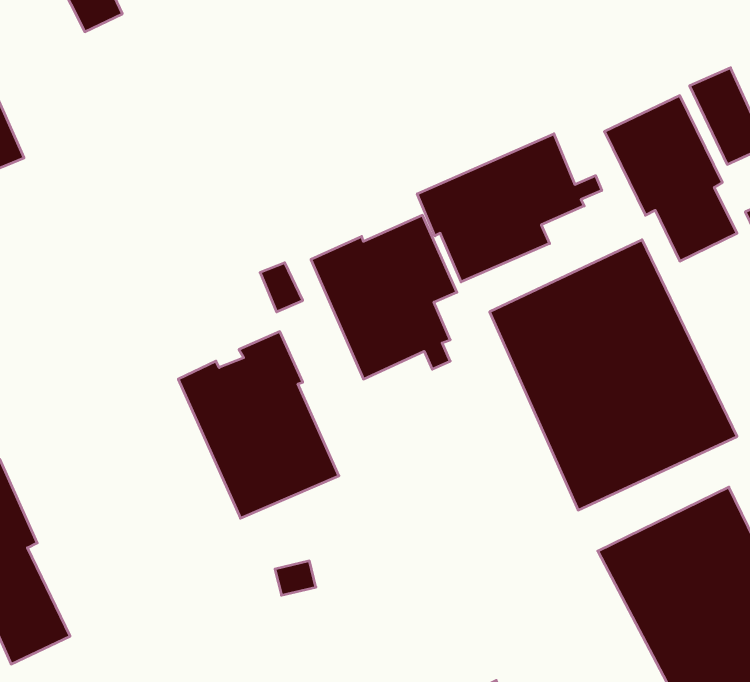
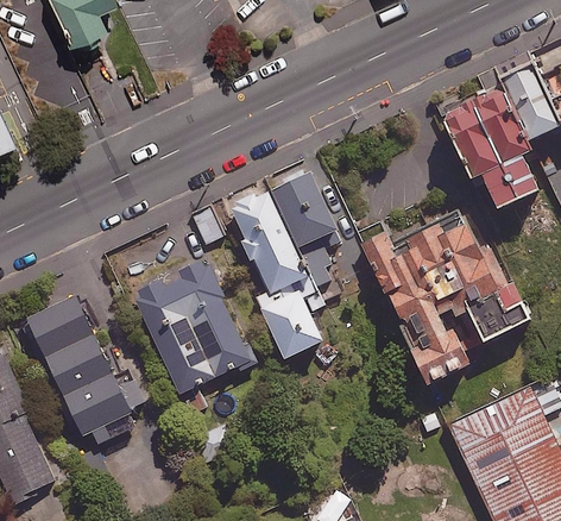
building: [417,134,602,282] -> none
building: none -> [260,291,324,359]
building: none -> [27,297,144,445]

